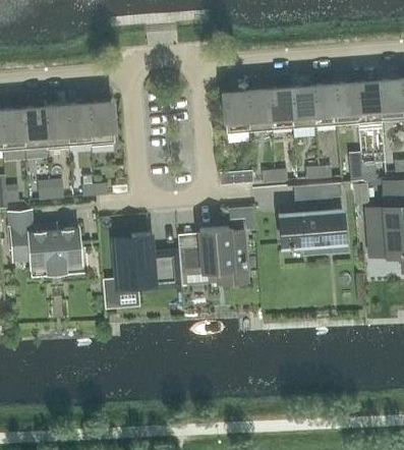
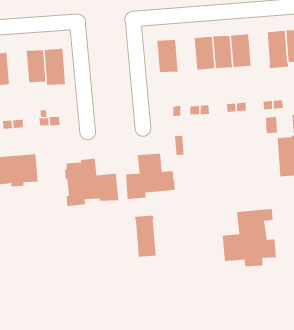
building: [334,81,358,122] -> none
building: [246,89,271,129] -> none
building: [44,104,70,150] -> none
building: [279,181,345,251] -> [222,208,277,267]
building: none -> [135,215,156,257]

